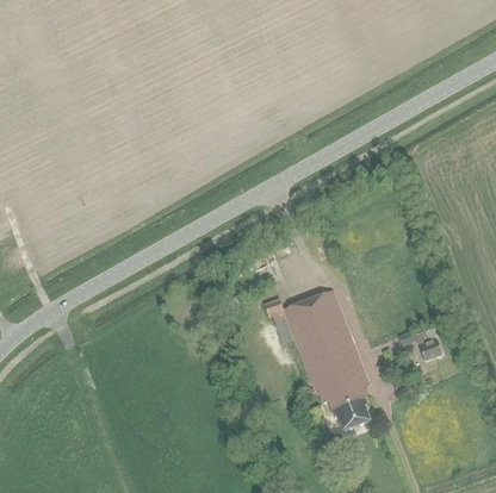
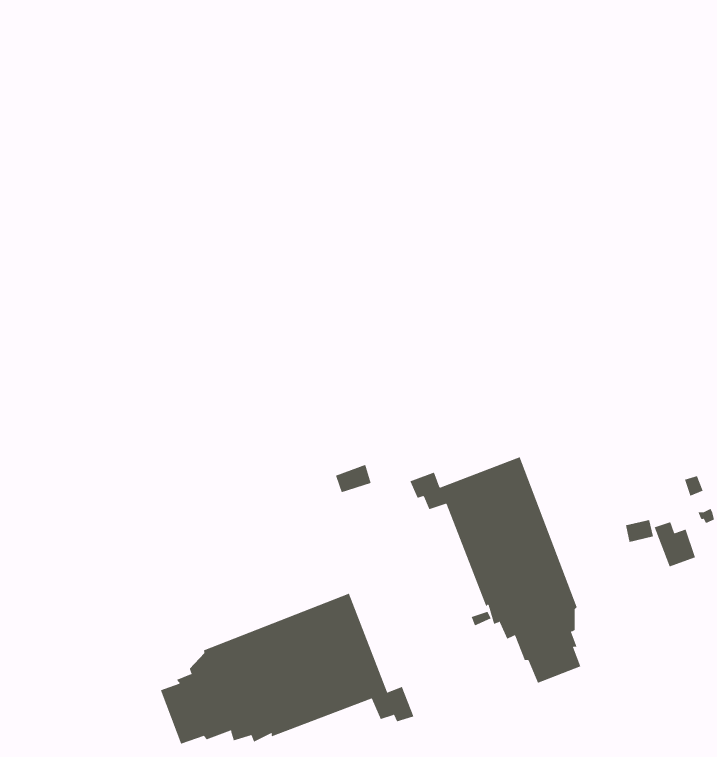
building: none -> [160,593,414,745]

